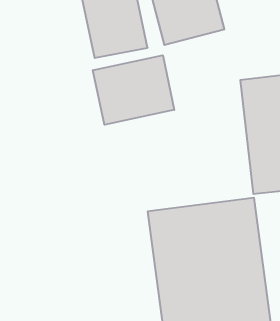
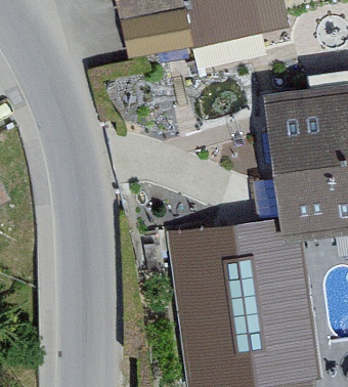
building: [93,55,174,125] -> none

